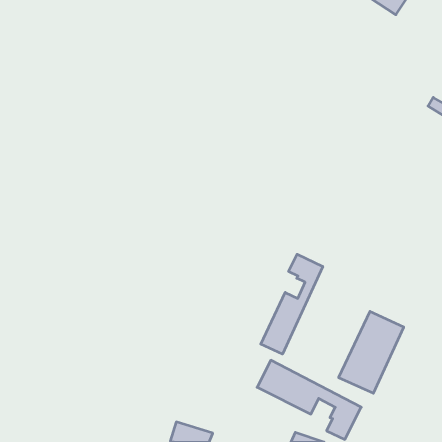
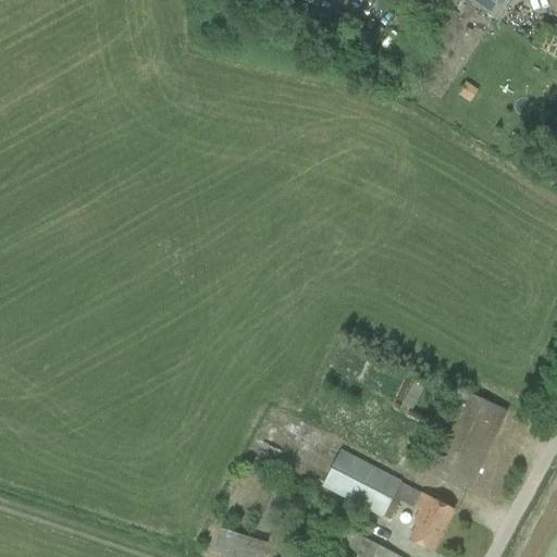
building: [261,254,323,354] -> none

